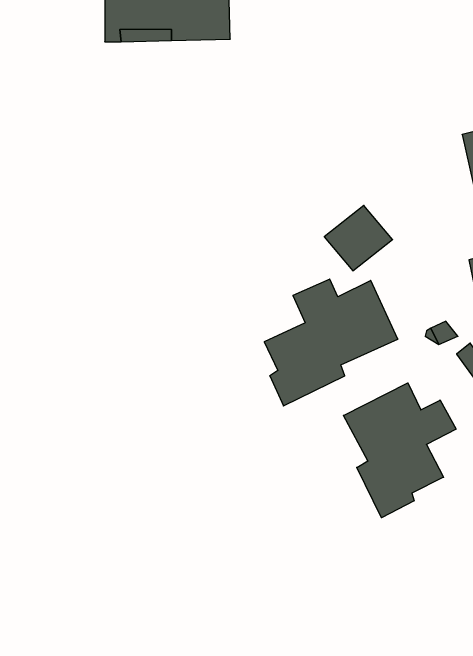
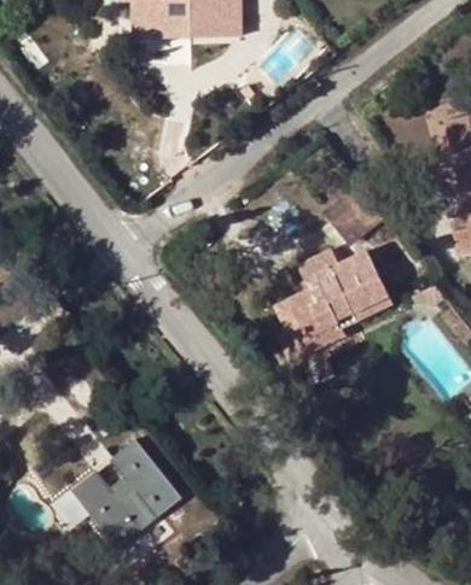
building: [343,383,456,518] -> none
building: none -> [70,437,181,546]

